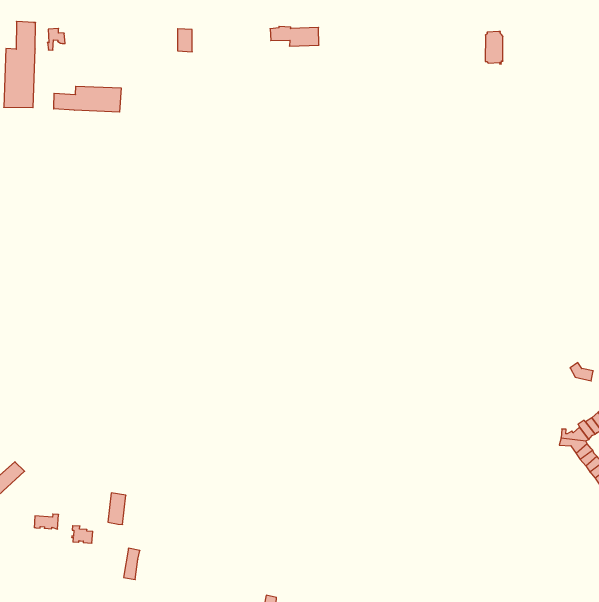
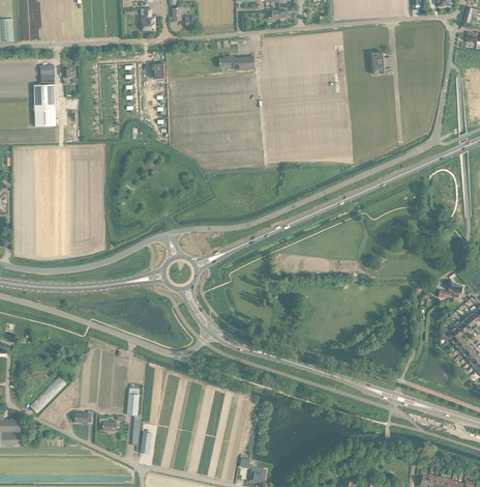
building: [54,86,121,112] -> none

